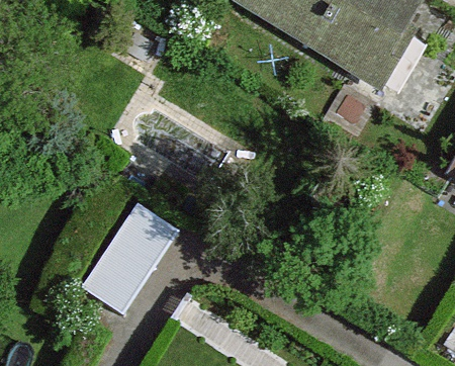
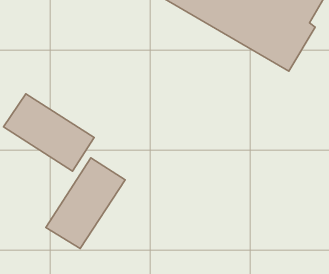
building: none -> [3,94,94,171]

